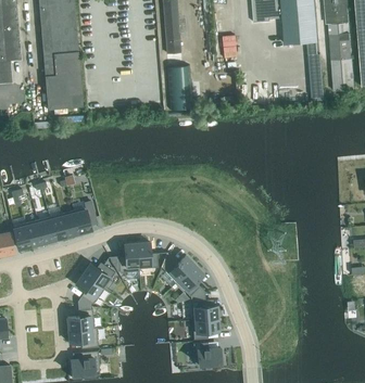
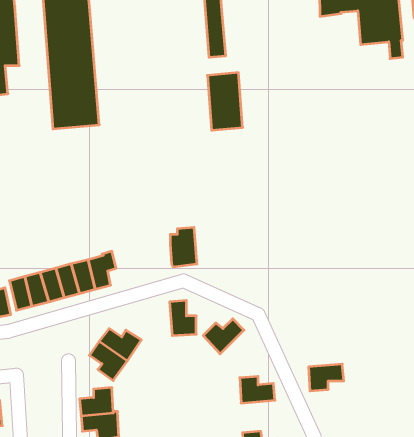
building: [118,243,139,273] -> [170,227,197,267]
building: [176,265,204,297] -> none
building: [192,319,219,340] -> [309,364,344,391]

